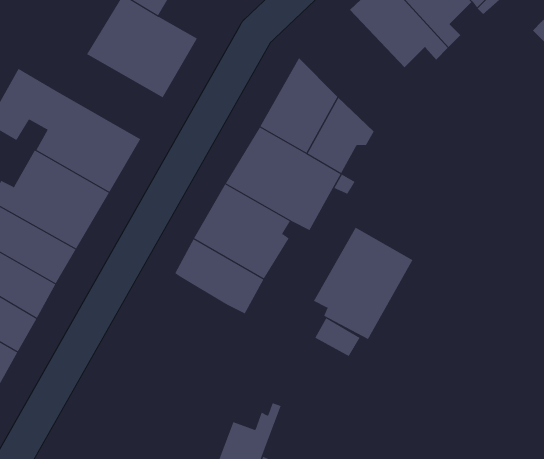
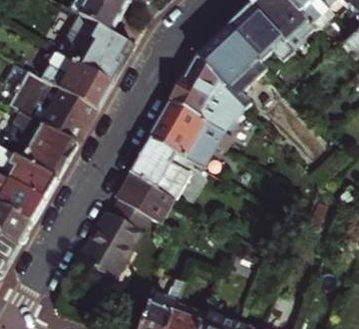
building: none -> [197,28,267,107]
building: none -> [42,56,110,110]
building: [313,227,413,340] -> none
building: none -> [81,198,150,277]

